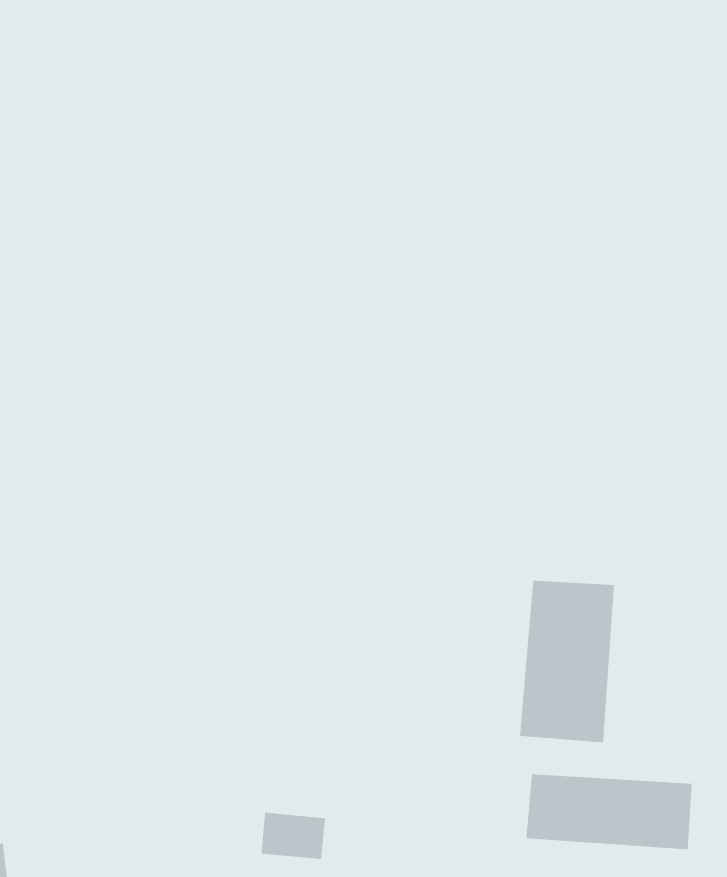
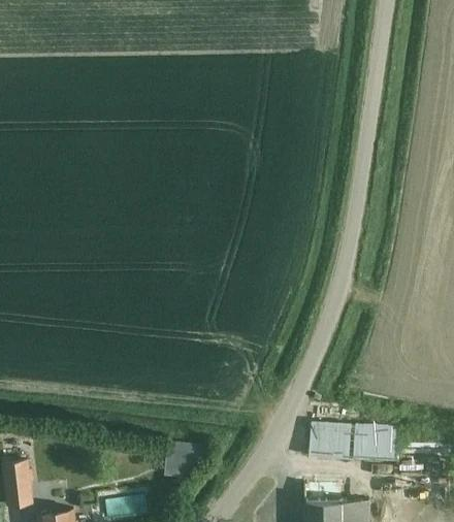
building: [519,580,615,743] -> none

